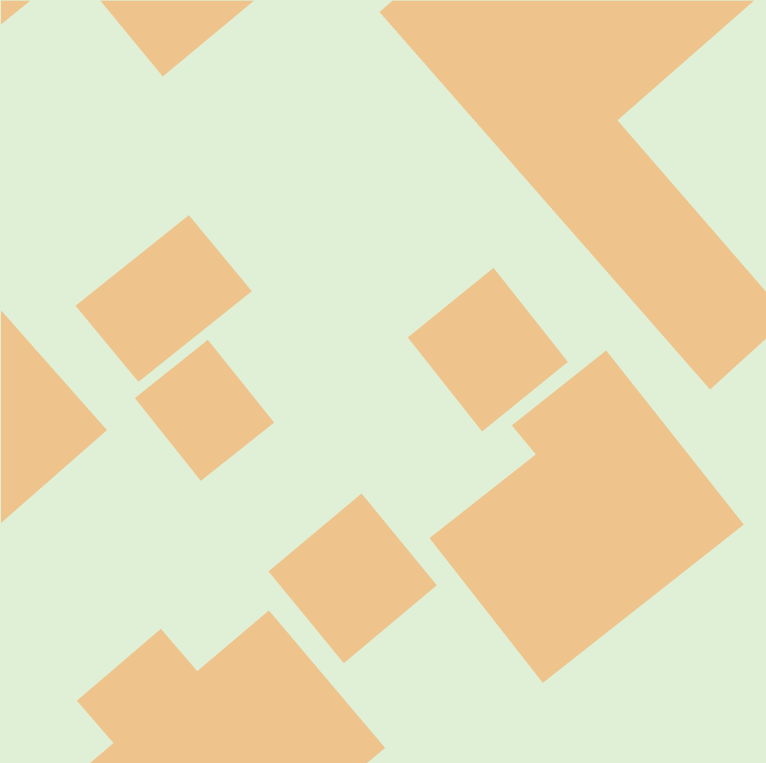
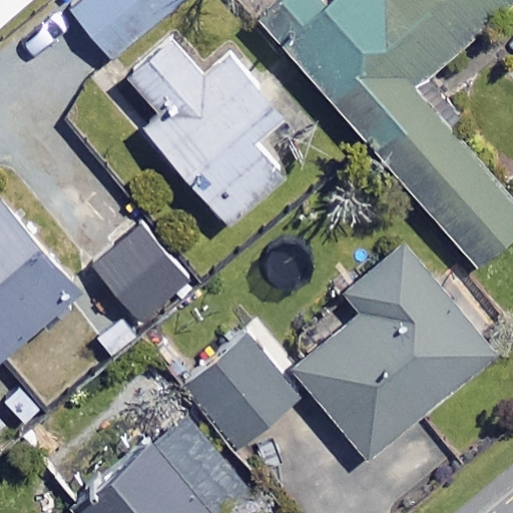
building: none -> [124,33,280,223]
building: [75,214,253,383] -> none
building: [407,267,569,432] -> none

